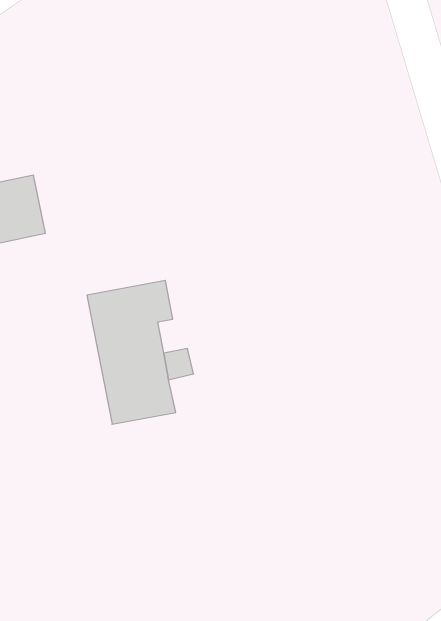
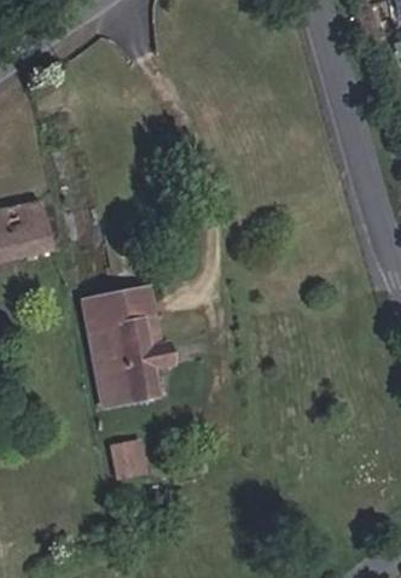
building: none -> [110,433,152,479]

